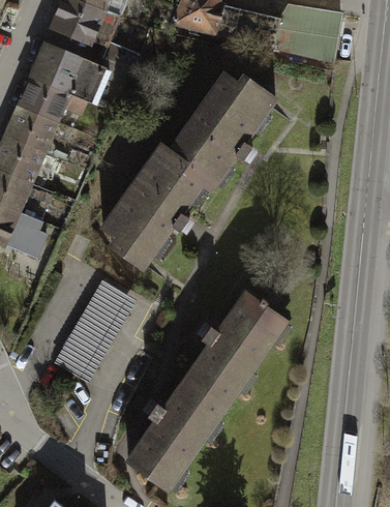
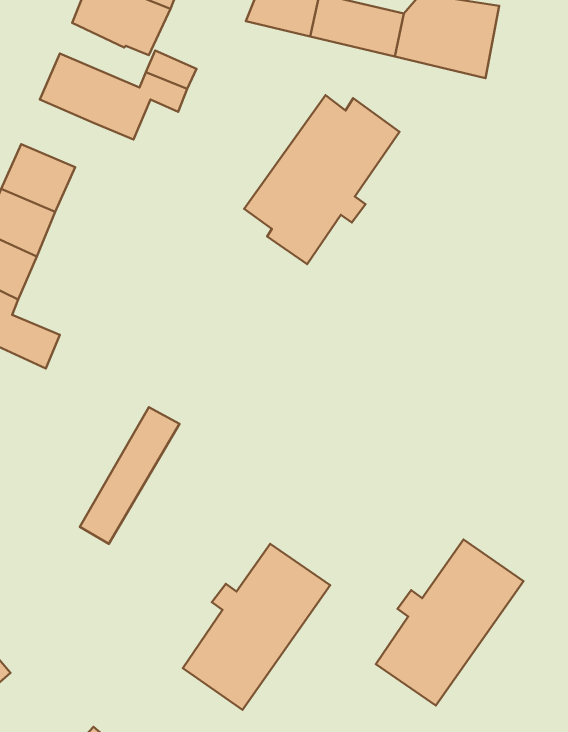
building: [20,76,68,121] -> none
building: [102,144,212,266] -> none
building: [187,291,287,402] -> [376,540,524,706]

